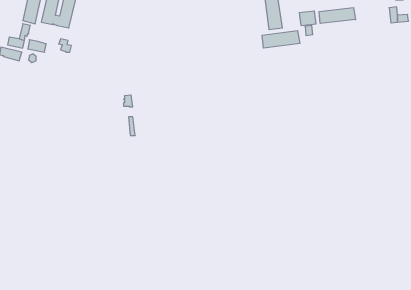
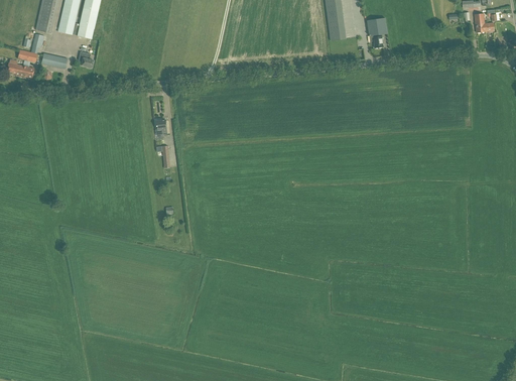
building: [319,8,356,23] -> none
building: [262,31,300,48] -> none

